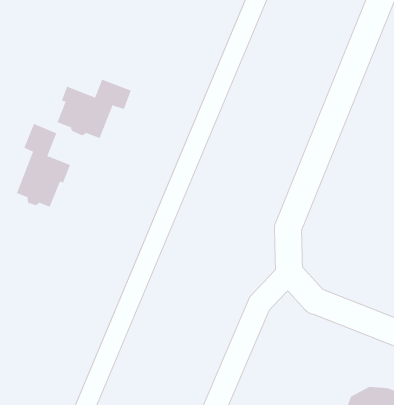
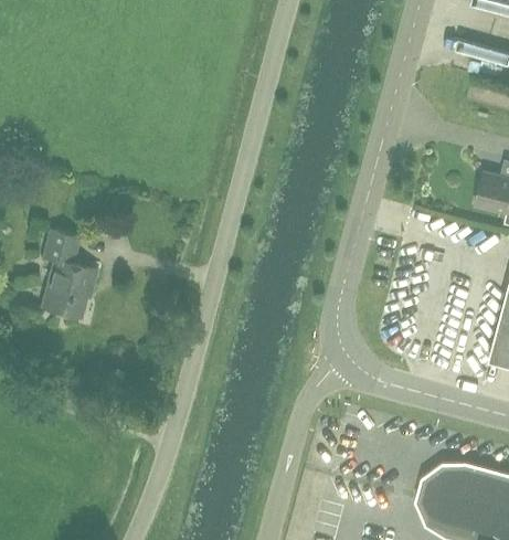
building: [57,79,131,139] -> none

